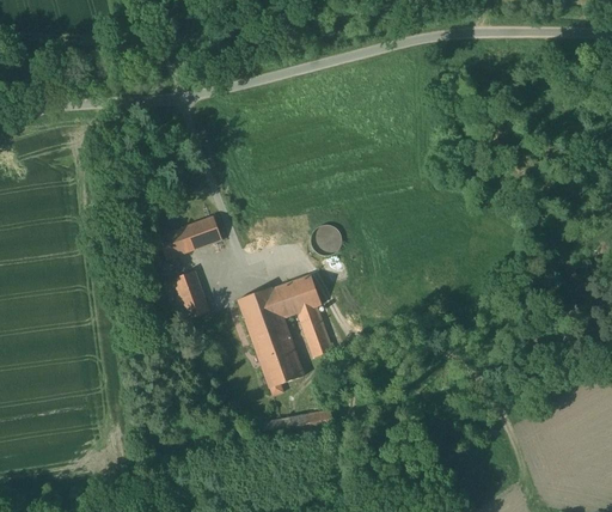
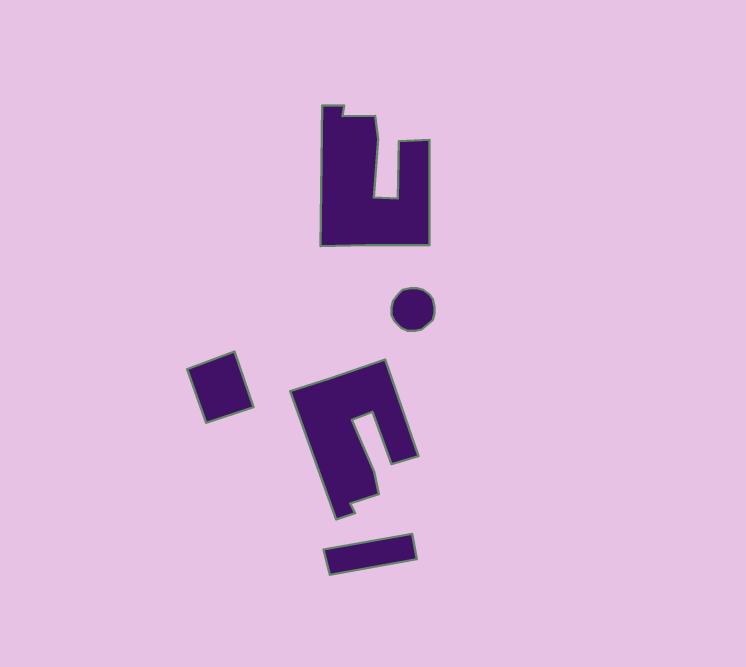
building: none -> [321,105,429,246]
building: [157,215,221,255] -> none

